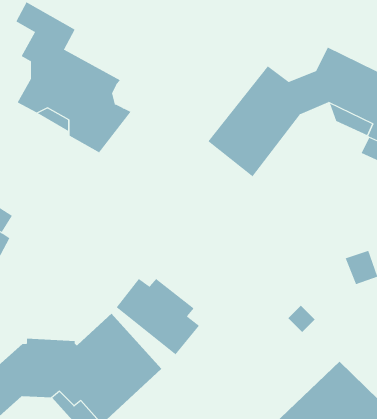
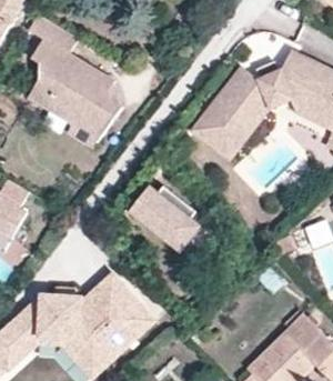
building: [116,278,200,355] -> [129,186,199,250]

